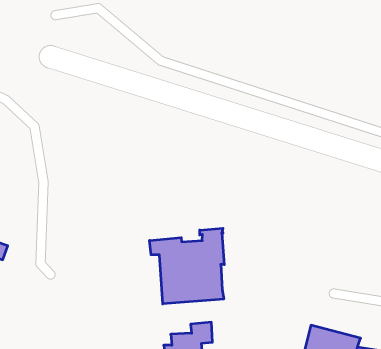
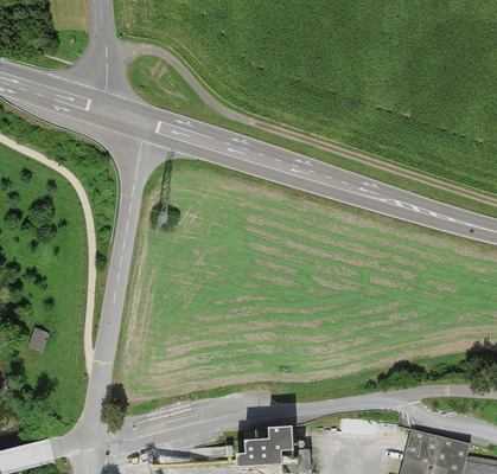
building: [150,228,224,304] -> none

